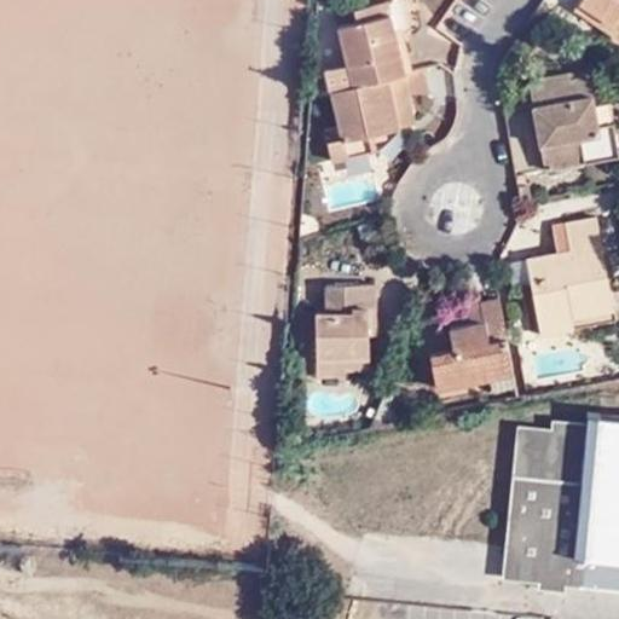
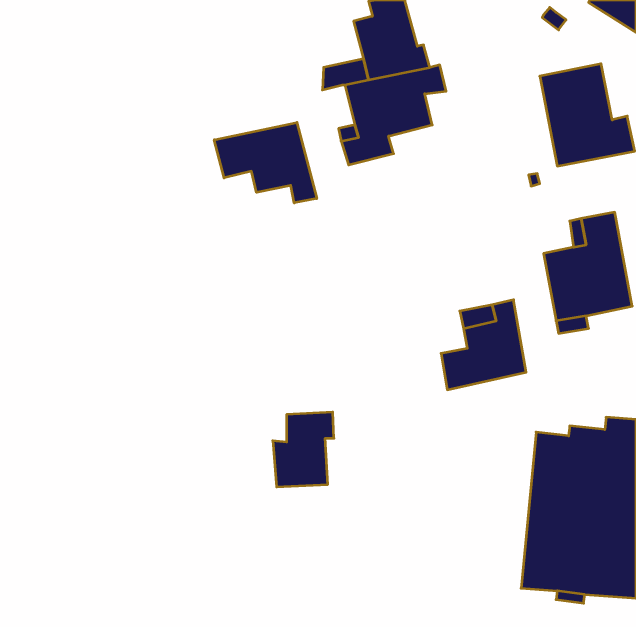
building: none -> [214,122,317,203]
building: [329,287,388,359] -> [273,412,334,487]

